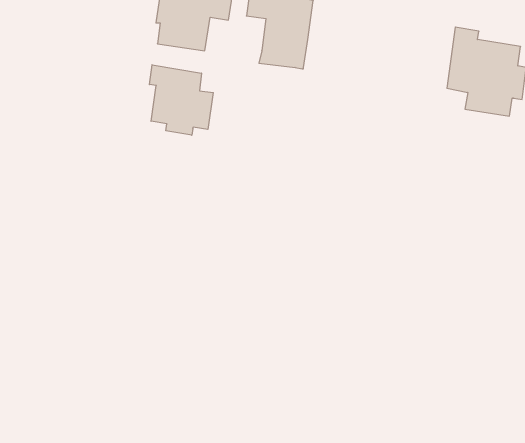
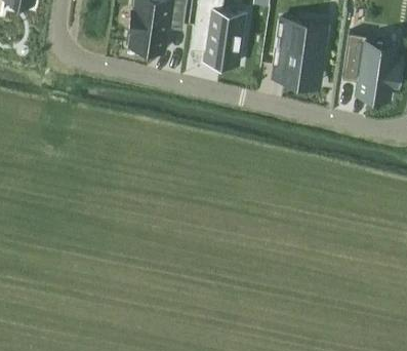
building: none -> [273,22,328,79]
building: [149,65,213,135] -> none

